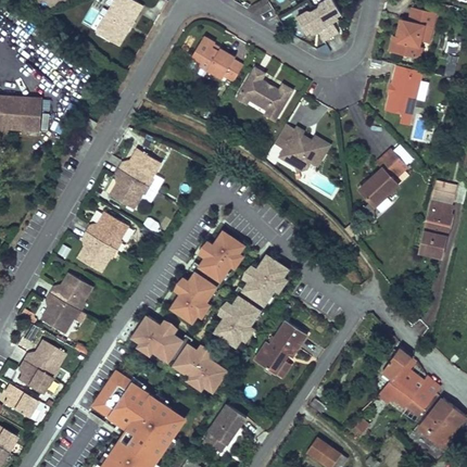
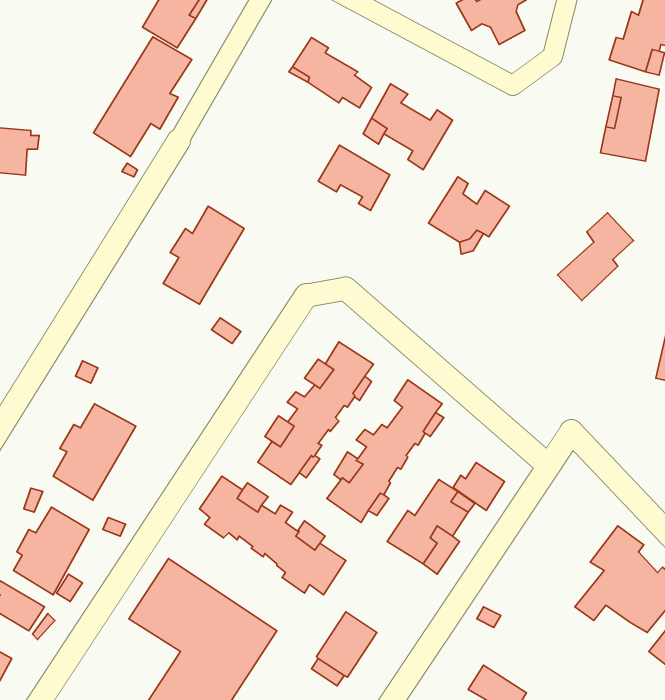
building: none -> [93,37,192,157]
building: none -> [318,145,390,211]
building: [77,210,130,272] -> none
building: none -> [453,463,504,510]

